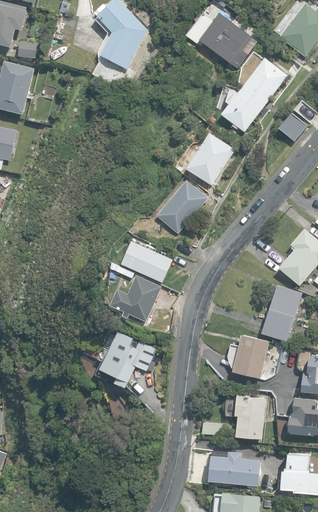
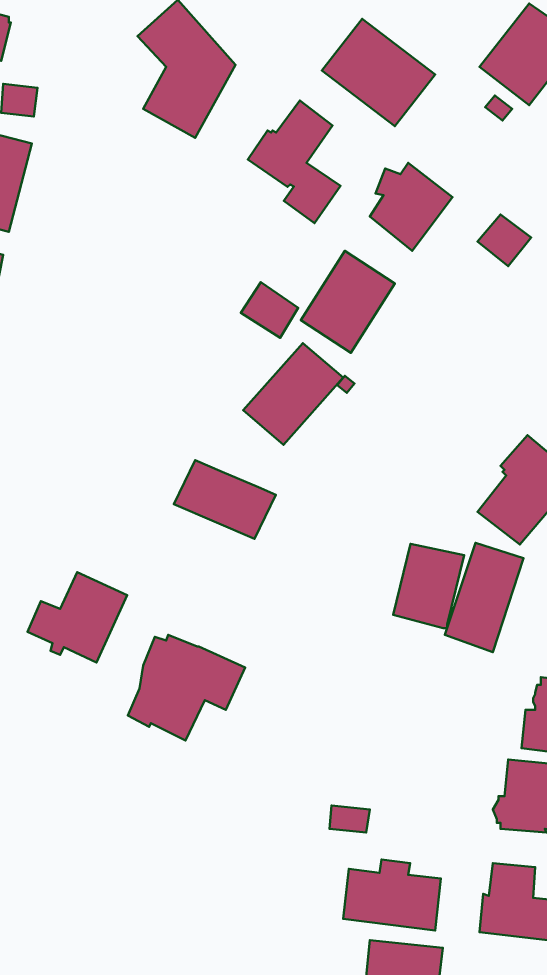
building: none -> [248,100,340,223]
building: [241,57,287,104] -> none
building: none -> [241,282,298,338]
building: [109,274,161,321] -> [27,572,127,662]
building: [231,334,268,378] -> [393,544,464,628]
building: [233,394,264,439] -> none

